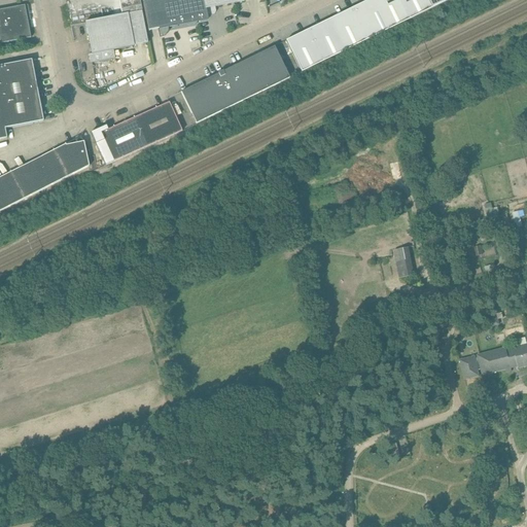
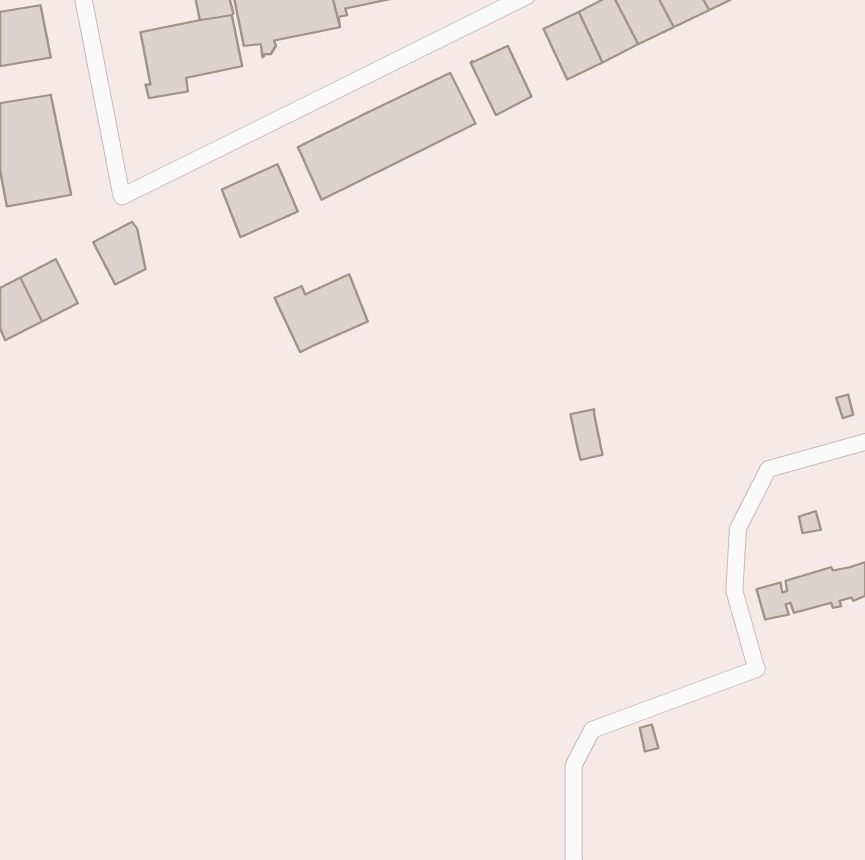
building: [309,17,345,59] -> none
building: [90,115,146,163] -> [275,274,368,352]
building: [34,147,70,184] -> none
building: [394,245,414,276] -> [570,409,603,460]

